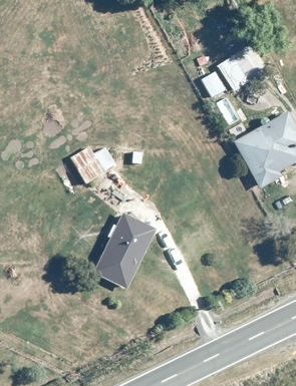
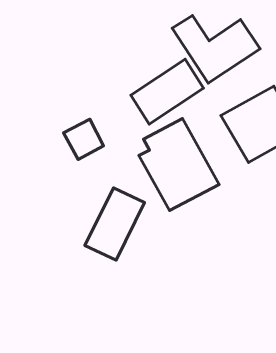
building: none -> [131,59,204,124]
building: none -> [139,118,219,210]

